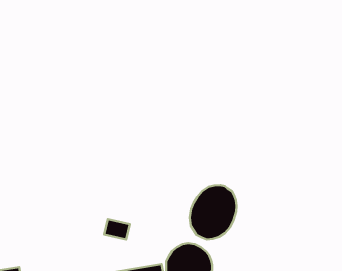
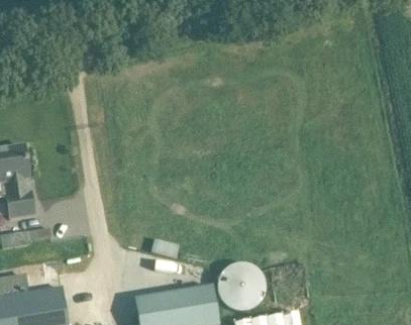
building: [190,185,237,239] -> none

